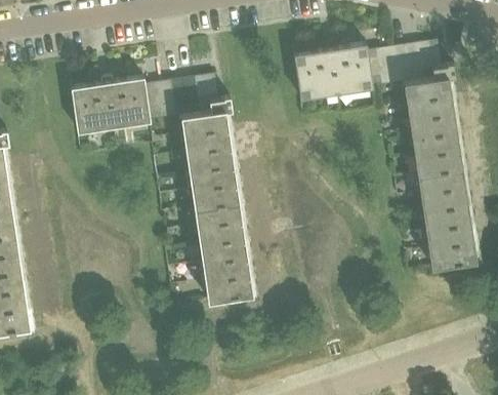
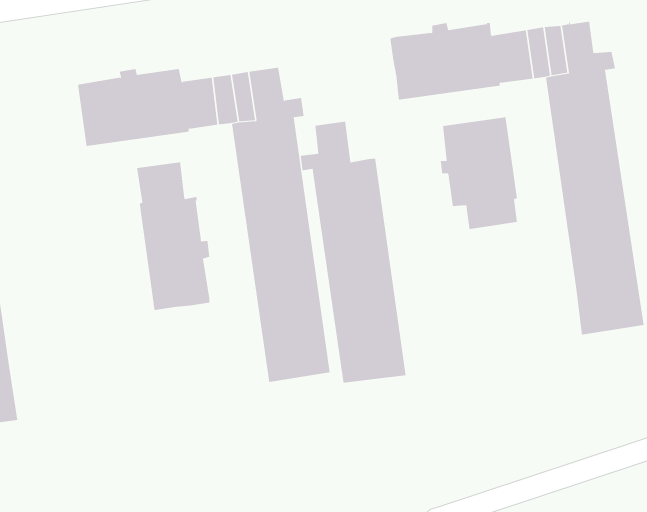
building: none -> [440,117,517,230]
building: none -> [300,121,406,384]
building: none -> [137,162,210,311]

